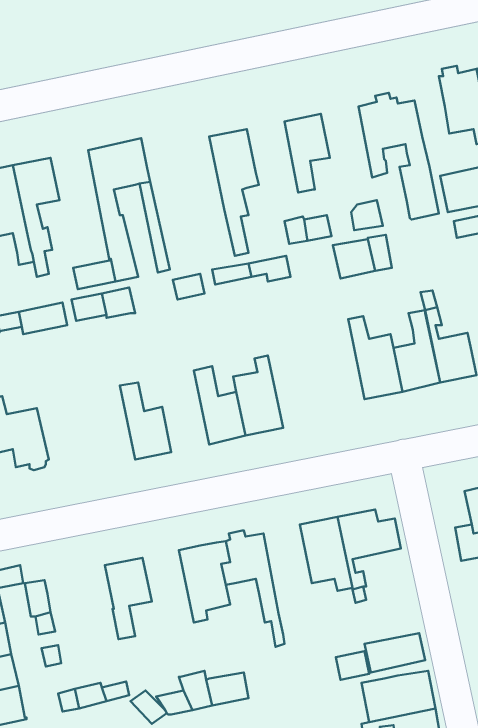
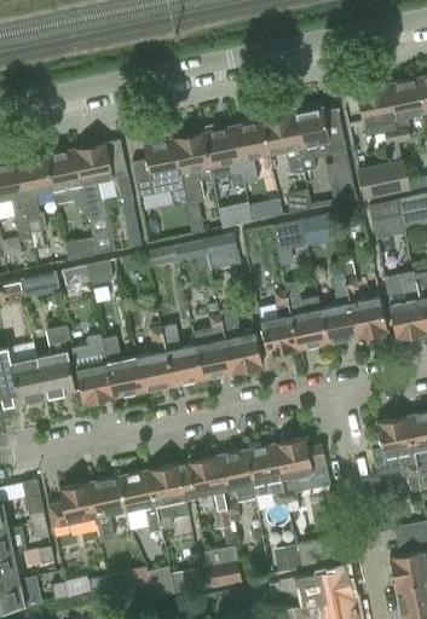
building: none -> [262,115,304,174]
building: none -> [203,125,244,186]
building: none -> [132,139,185,199]
building: none -> [46,150,87,209]
building: none -> [260,290,298,355]
building: none -> [219,308,262,372]
building: none -> [35,326,75,398]
building: none -> [135,326,173,392]
building: none -> [73,335,114,404]
building: none -> [217,450,255,521]
building: none -> [120,470,161,532]
building: none -> [50,482,97,526]
building: none -> [206,545,242,589]

